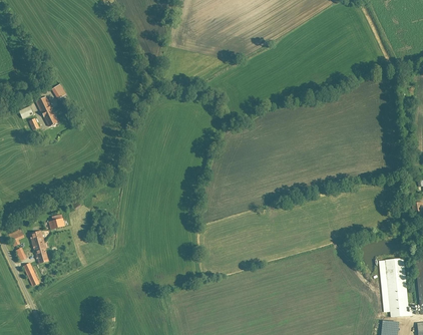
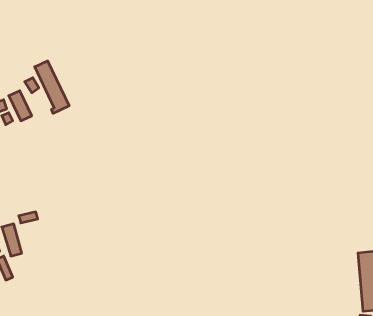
building: none -> [35,61,69,113]

